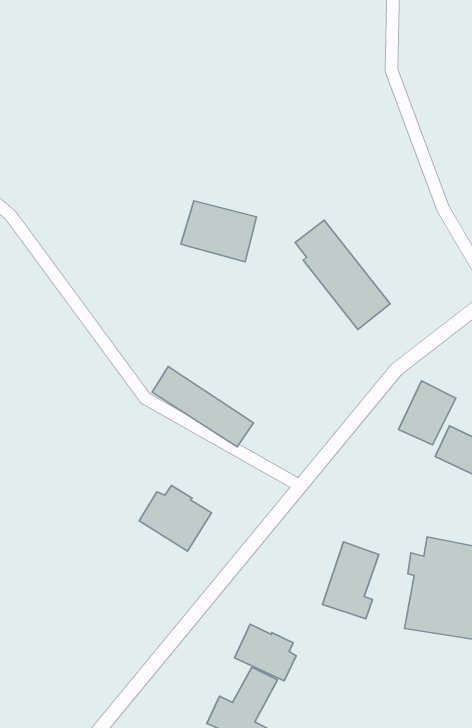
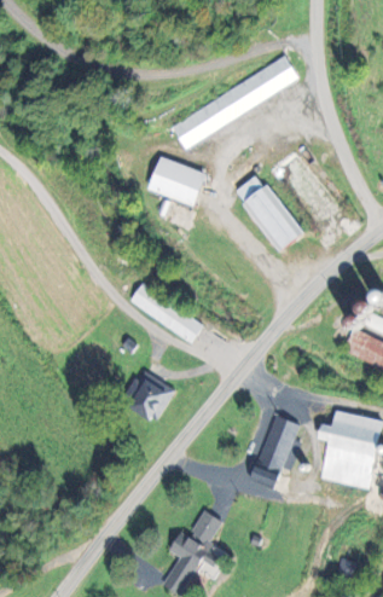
building: none -> [170,54,300,147]
building: [399,381,456,445] -> none
building: [235,624,296,681] -> none

